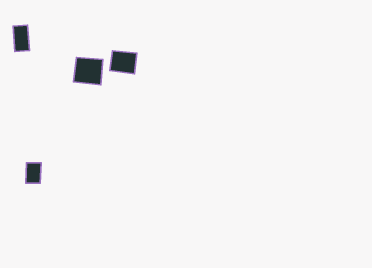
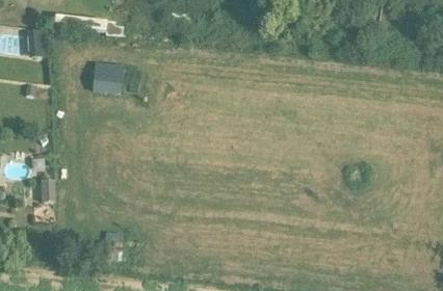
building: [110,51,137,74] -> none

